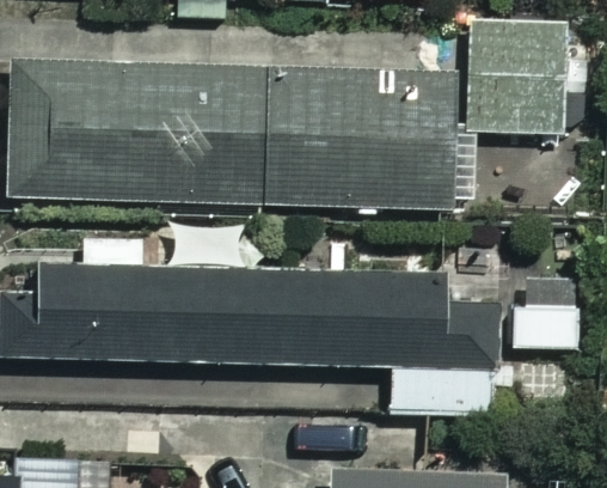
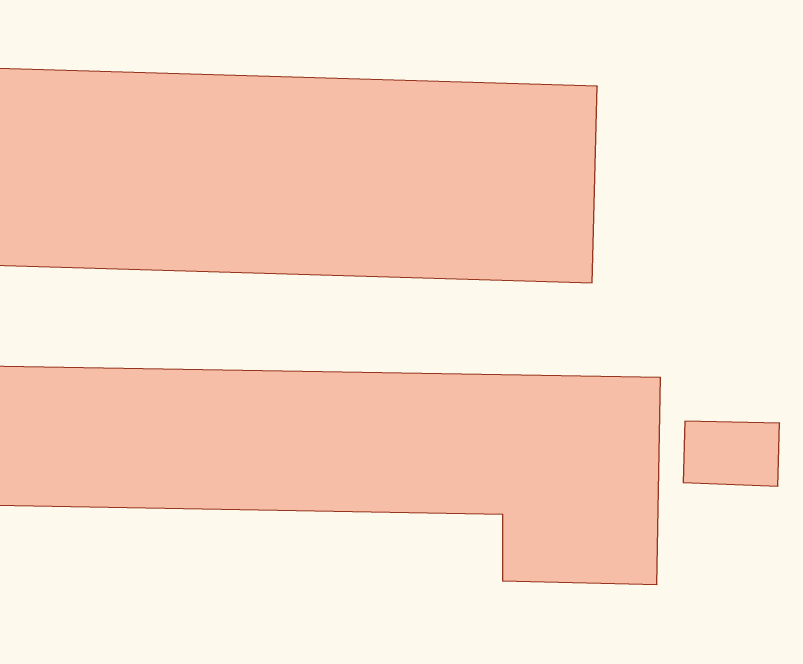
building: [471,22,564,132] -> none

